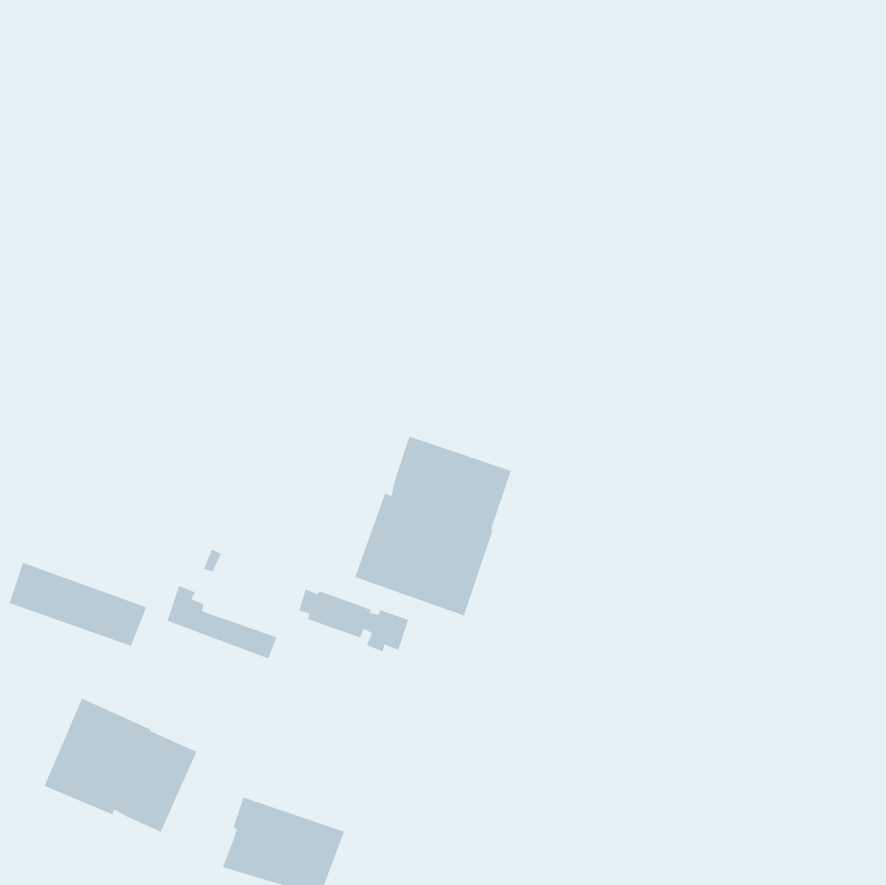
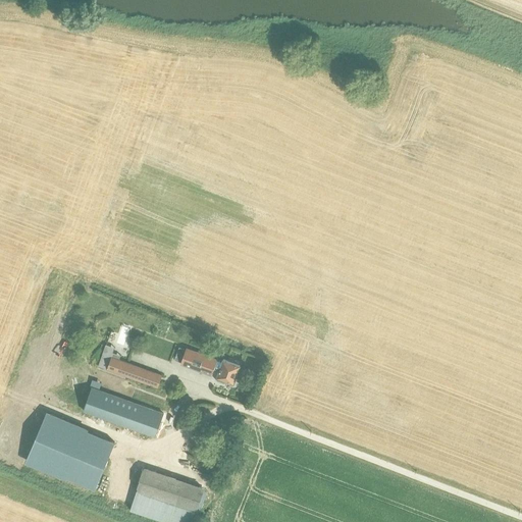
building: [354,436,512,616] -> none
building: [9,562,147,647] -> [84,387,165,437]

